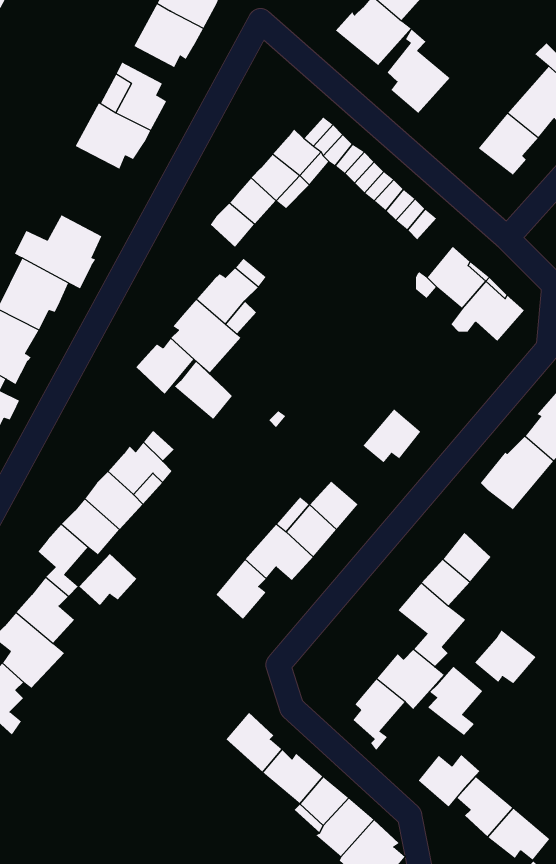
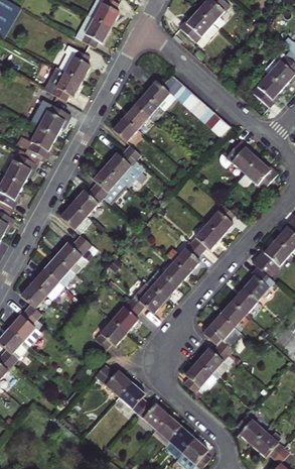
building: [387,29,451,114] -> none
building: none -> [27,100,69,136]
building: [174,361,233,420] -> [62,204,93,234]
building: none -> [206,207,234,237]
building: none -> [166,244,201,274]
building: none -> [243,267,273,302]
building: [79,553,137,606] -> [99,321,129,348]
building: [474,630,536,684] -> none
building: [427,666,483,736] -> none
building: none -> [101,367,132,395]
building: [418,754,480,807] -> none

